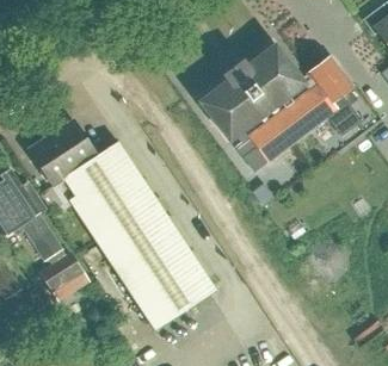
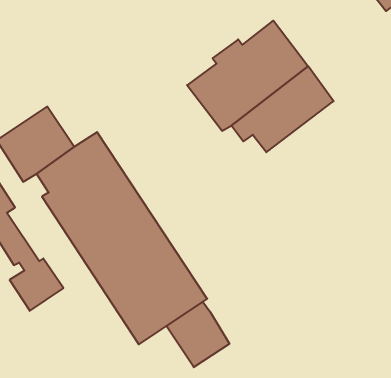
building: [304,55,359,132] -> none
building: none -> [167,302,229,367]

